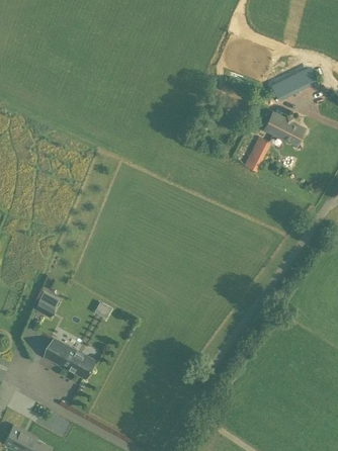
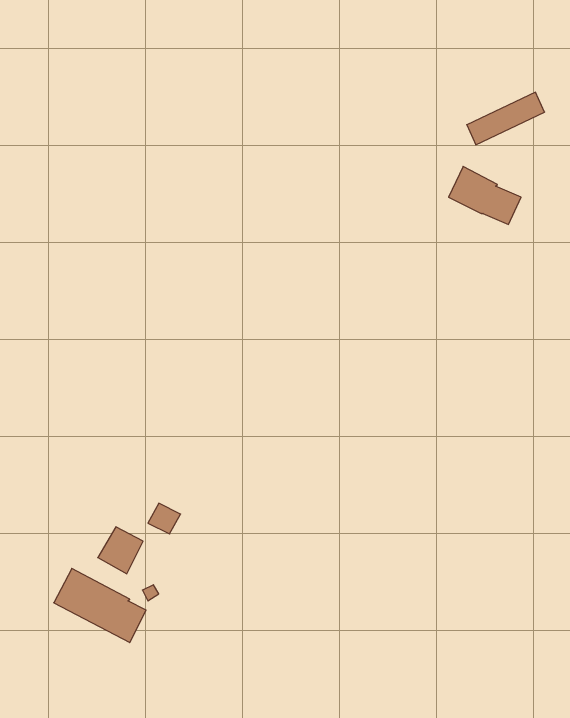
building: [243,133,270,170] -> none
building: [32,289,58,315] -> [98,527,143,574]

